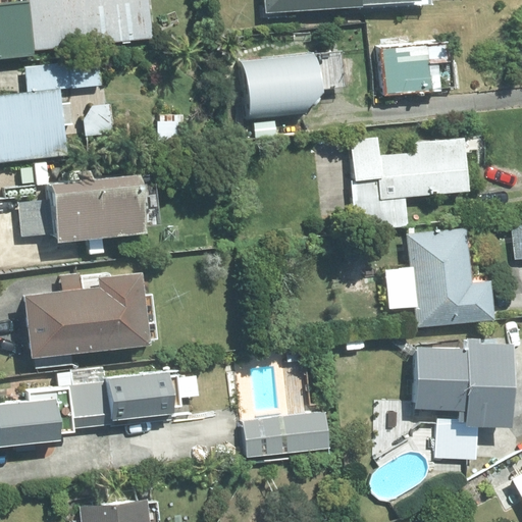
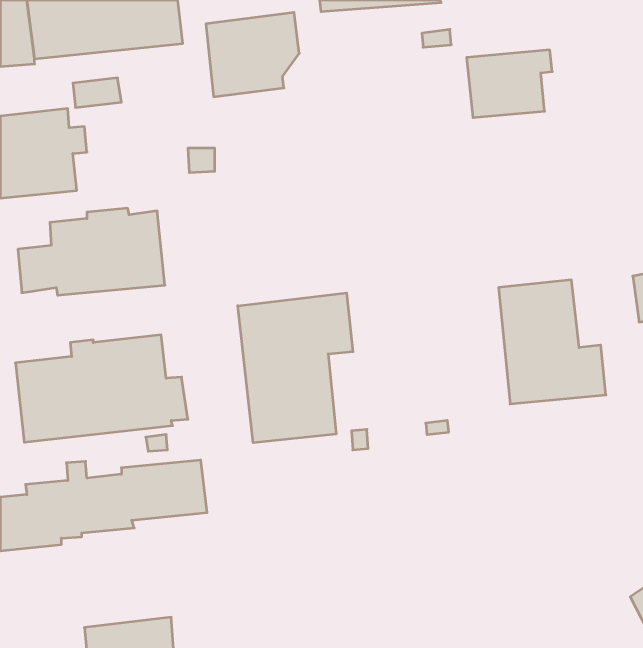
building: [243,55,317,122] -> [206,12,299,97]
building: [352,138,469,232] -> none
building: none -> [238,293,353,443]
building: [412,341,510,461] -> none
building: [246,411,331,459] -> none

